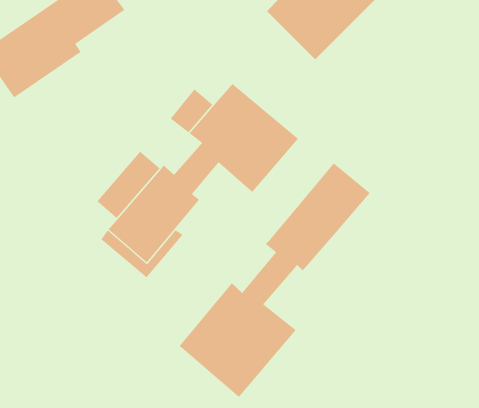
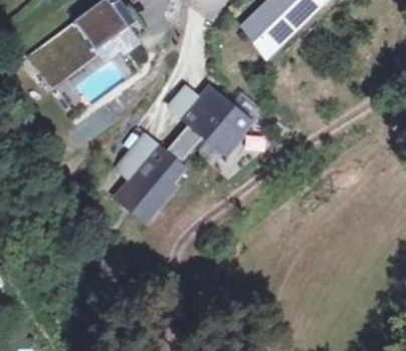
building: [179,162,370,398] -> none

